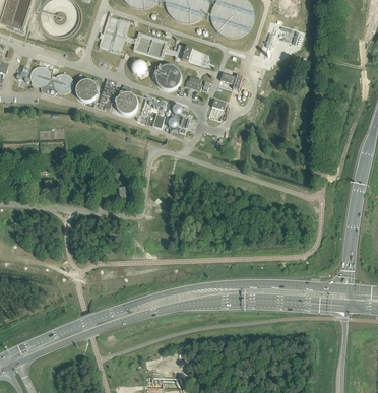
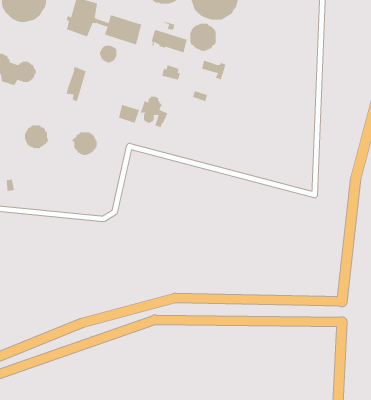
building: [155,65,180,90] -> [189,23,217,51]
building: [75,80,98,102] -> [24,125,49,149]
building: [114,93,137,115] -> [71,132,97,156]

